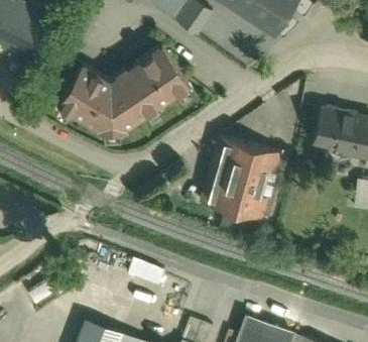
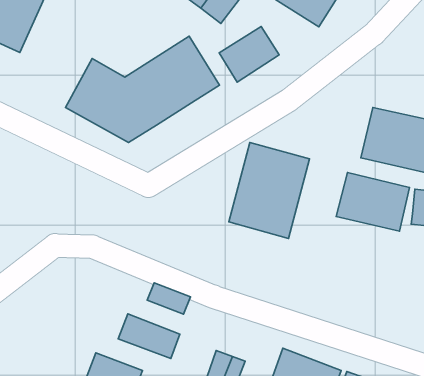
building: none -> [219,27,279,82]
building: none -> [336,172,409,231]
building: none -> [118,314,180,358]

